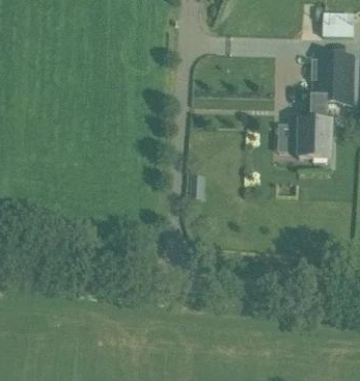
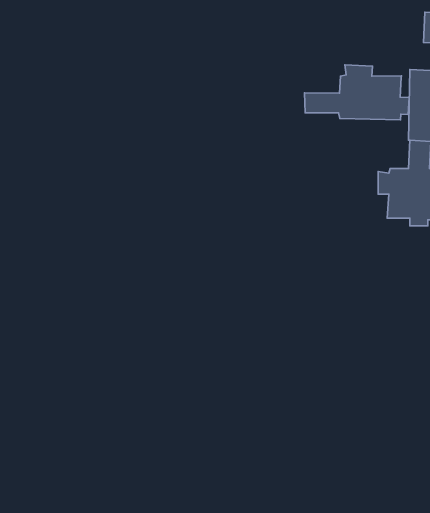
building: none -> [305,65,409,120]

